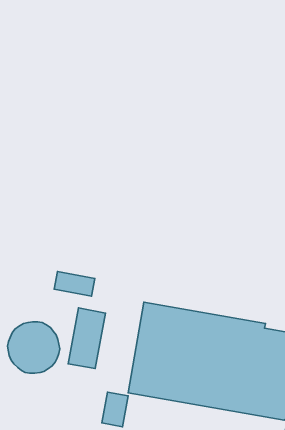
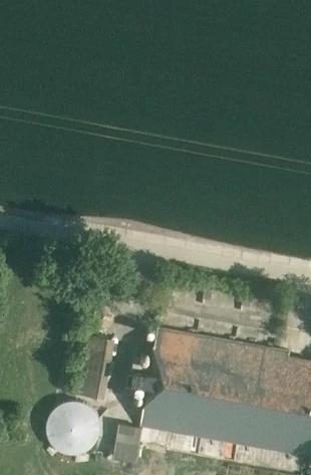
building: [54,272,95,296] -> none
building: [7,322,60,373] -> [45,403,101,458]

